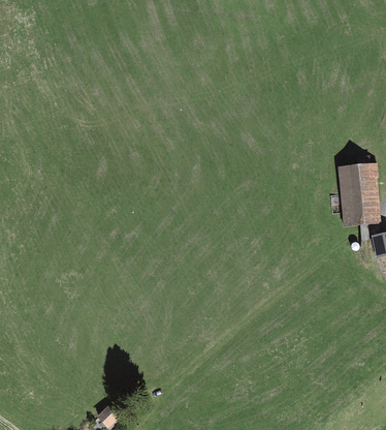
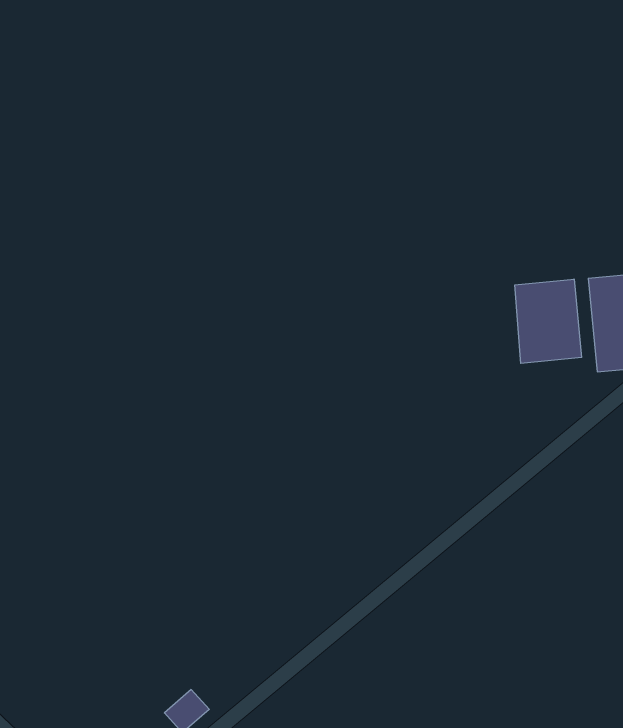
building: none -> [515,279,582,363]

